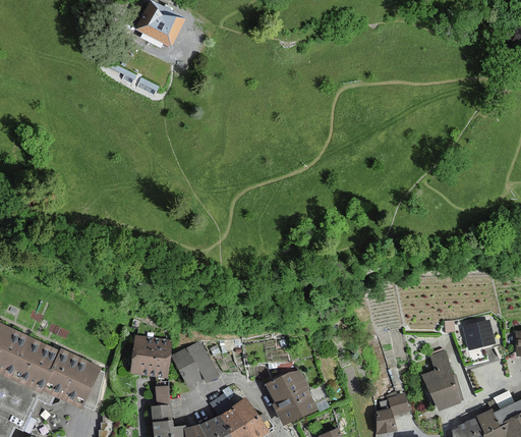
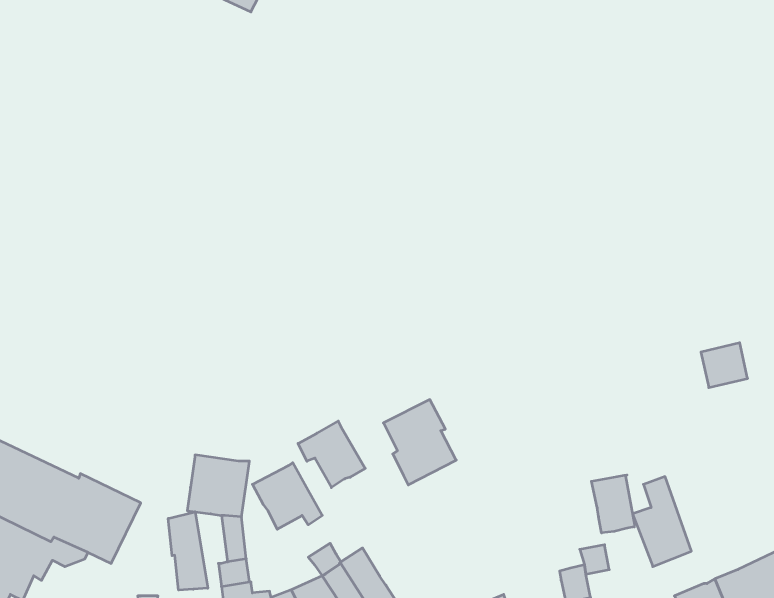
building: none -> [298,421,365,488]
building: [463,320,494,349] -> [701,343,748,388]
building: none -> [591,475,635,533]
building: [269,369,316,425] -> [383,400,456,485]
building: none -> [168,512,208,590]

